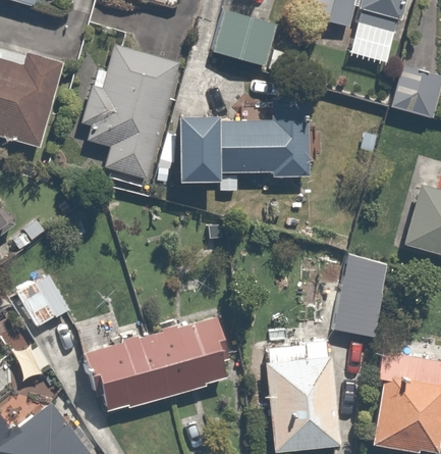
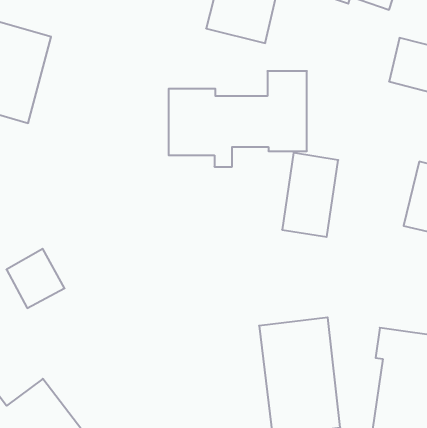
building: [84,43,178,179] -> none
building: [333,255,388,338] -> [282,153,338,237]
building: [84,310,240,414] -> none

